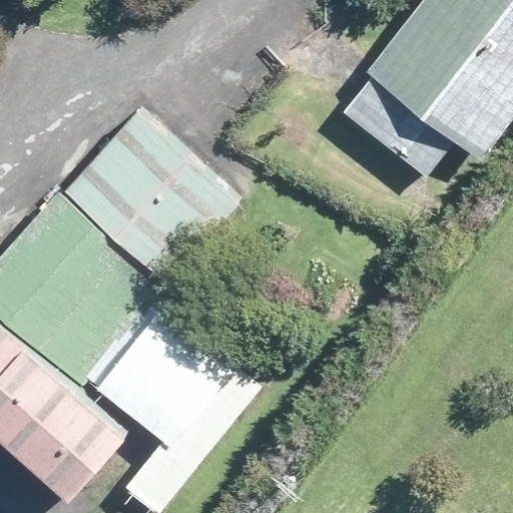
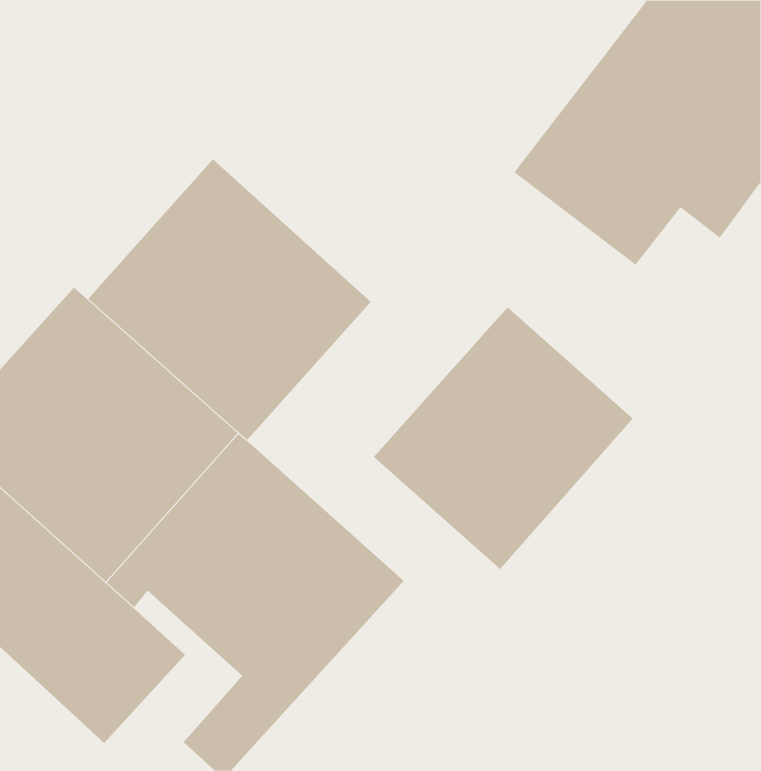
building: none -> [373,307,633,570]

